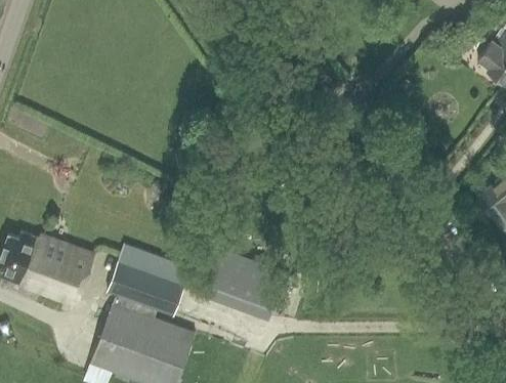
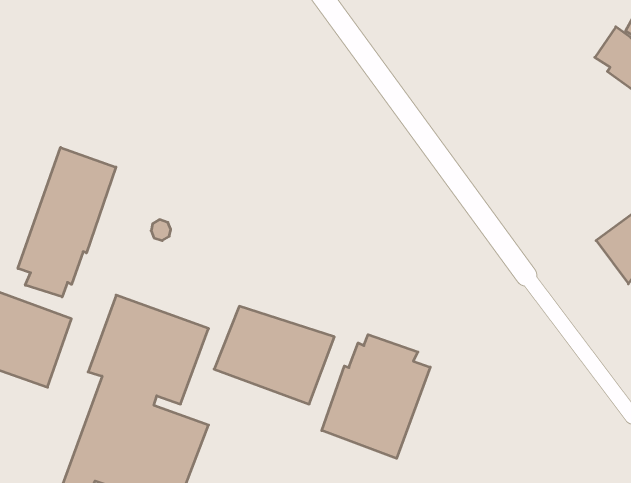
building: none -> [18,147,116,297]
building: none -> [322,335,430,458]

